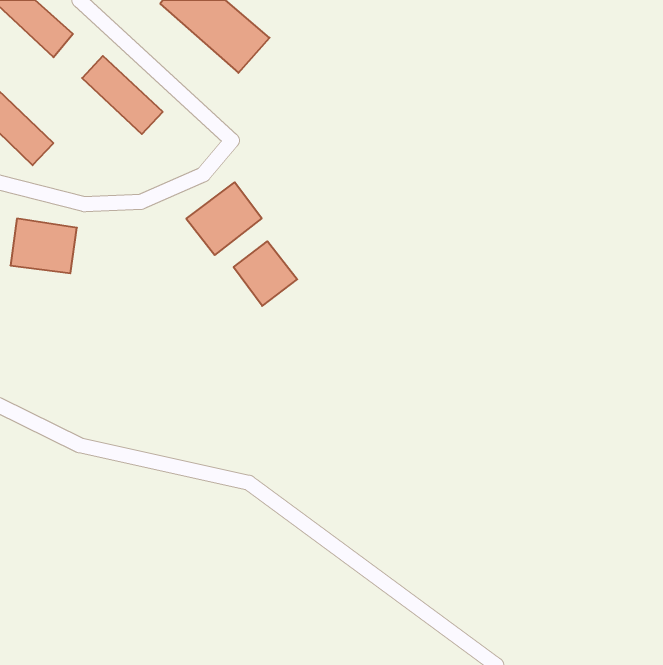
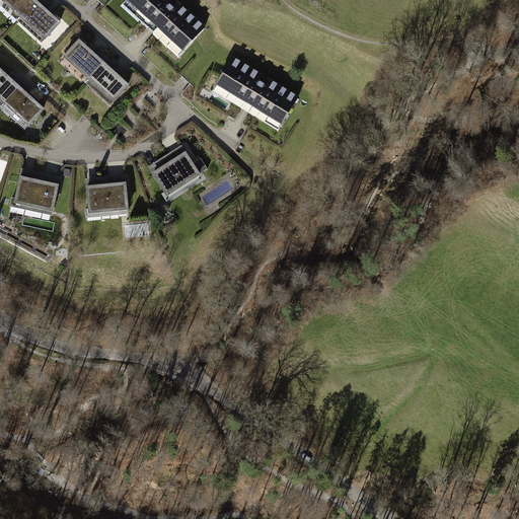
building: none -> [211,54,300,125]
building: none -> [81,176,129,214]
building: [234,241,297,306] -> none

